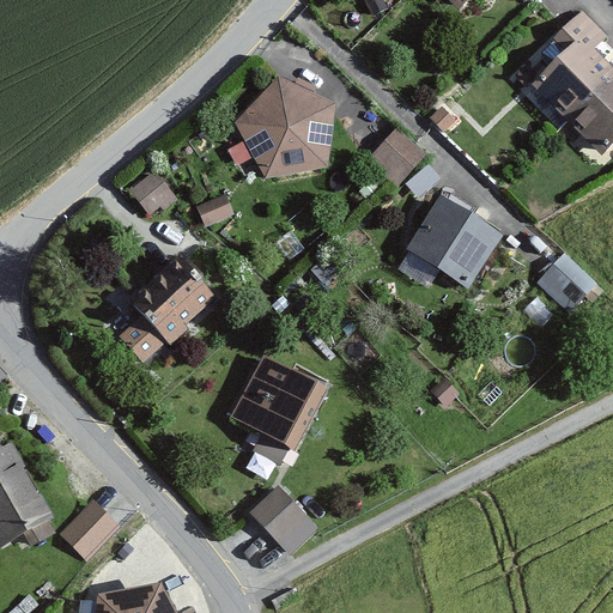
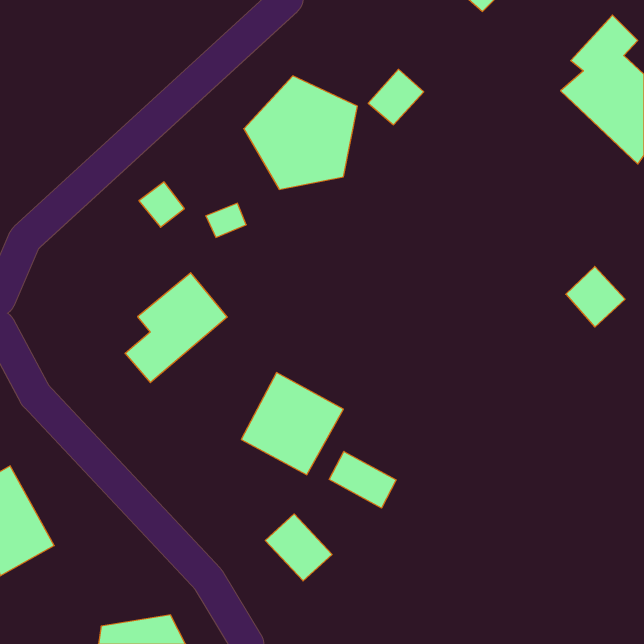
building: [369,129,421,182] -> [368,69,424,125]
building: [406,196,502,287] -> none
building: none -> [329,451,396,508]
building: [60,502,117,559] -> none

